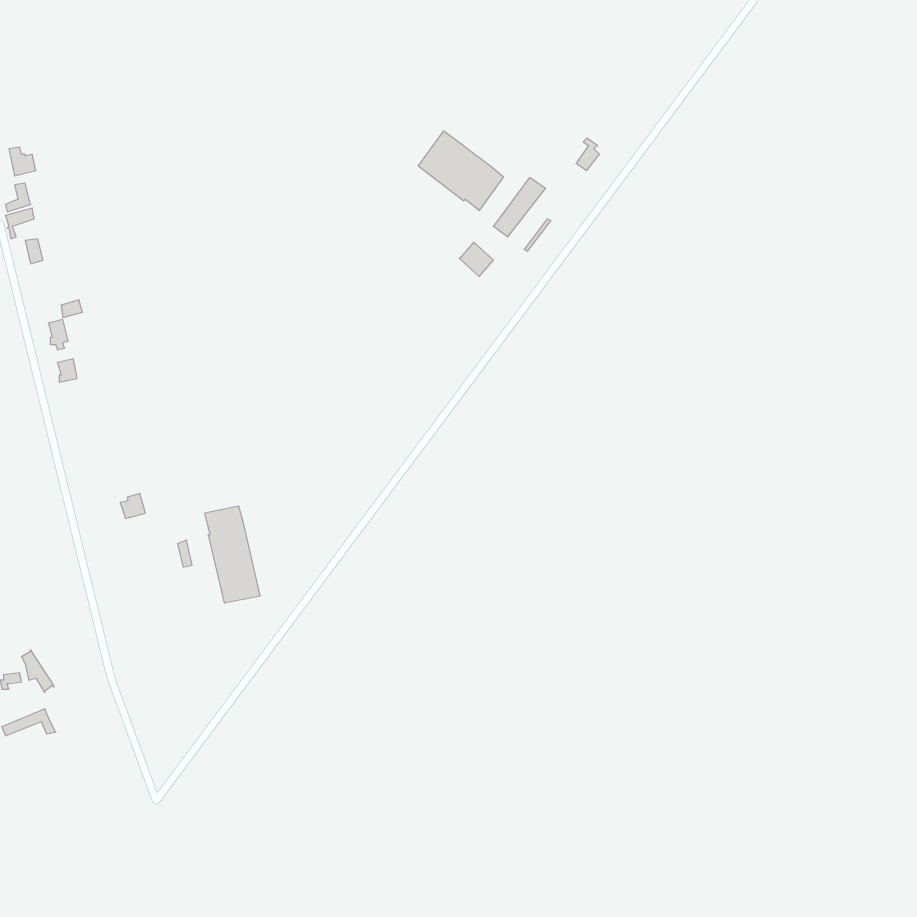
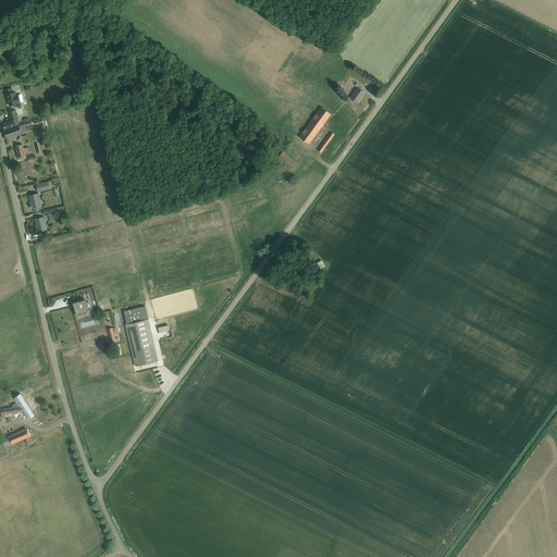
building: [418,131,504,211] -> none

